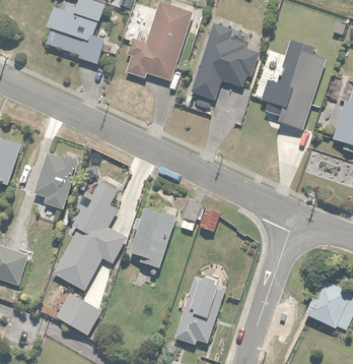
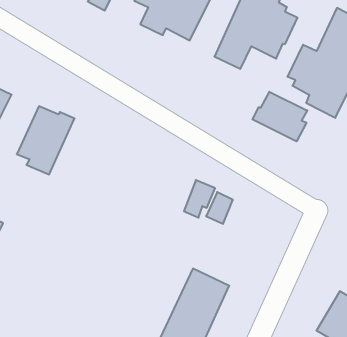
building: none -> [252,92,307,141]
building: [53,178,127,290] -> none
building: [128,204,176,267] -> none
building: [56,291,102,335] -> none

